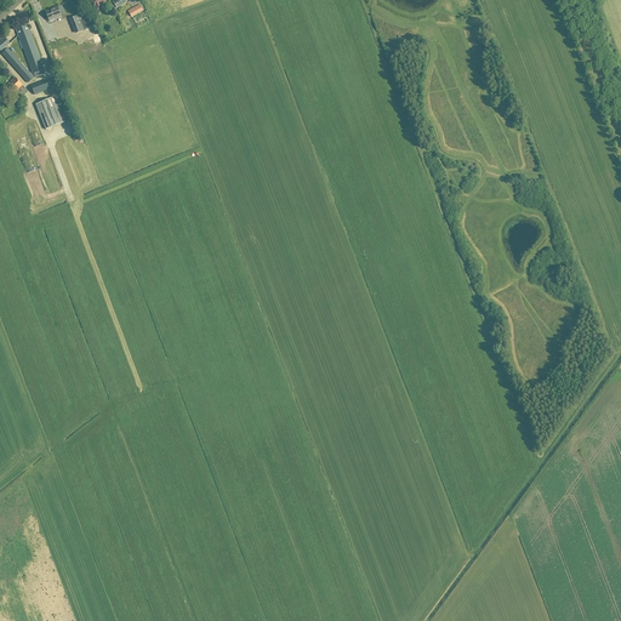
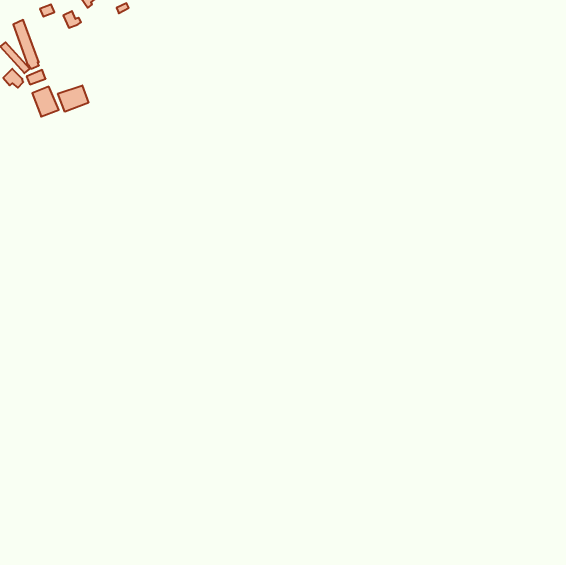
building: none -> [58,85,88,112]

